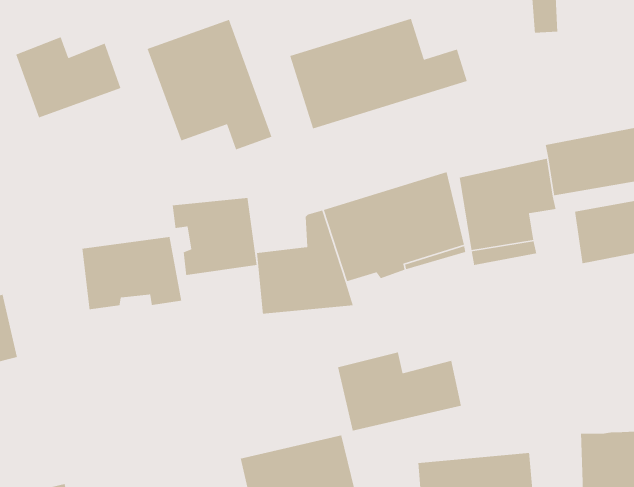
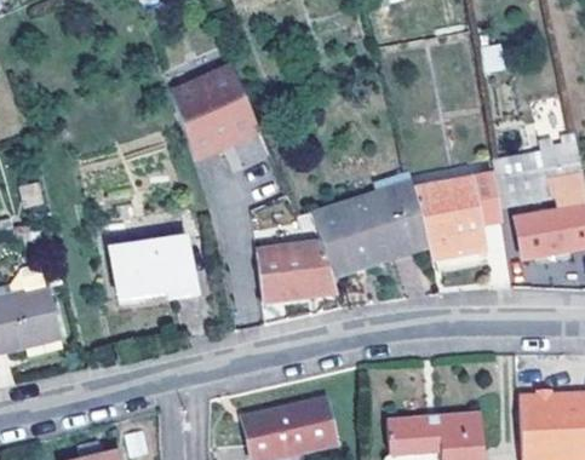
building: [289,18,468,130] -> none
building: [15,36,122,119] -> none
building: [172,197,257,276] -> none
building: [337,351,462,432] -> none

